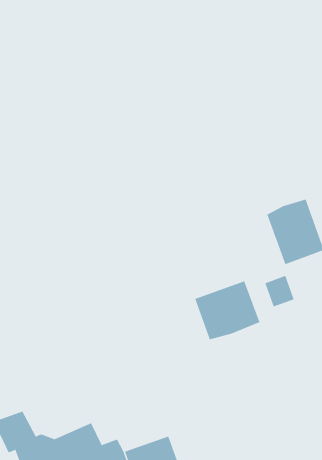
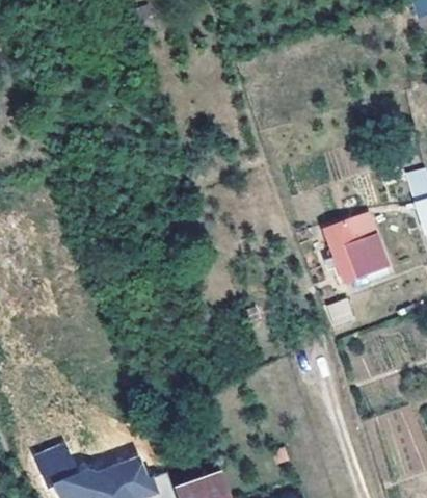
building: [194,281,260,340] -> none

